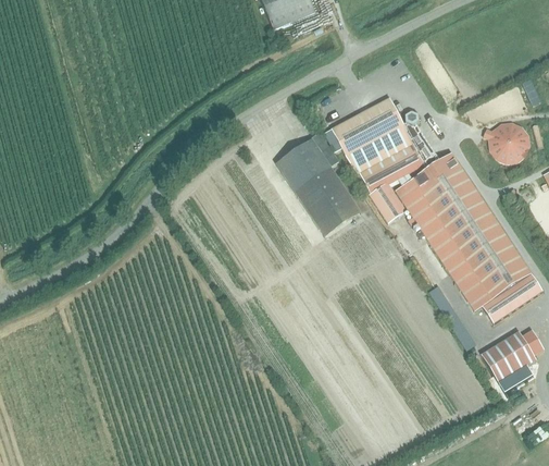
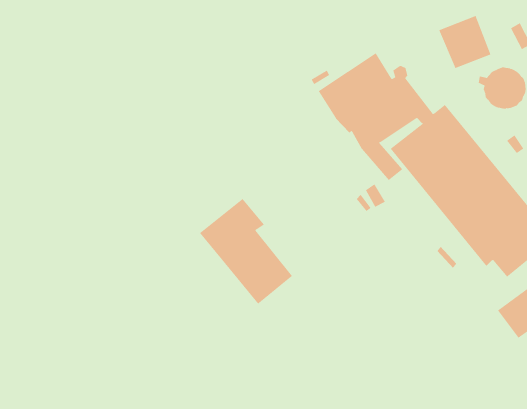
building: none -> [439,15,491,69]
building: [276,134,361,236] -> [199,198,293,304]

